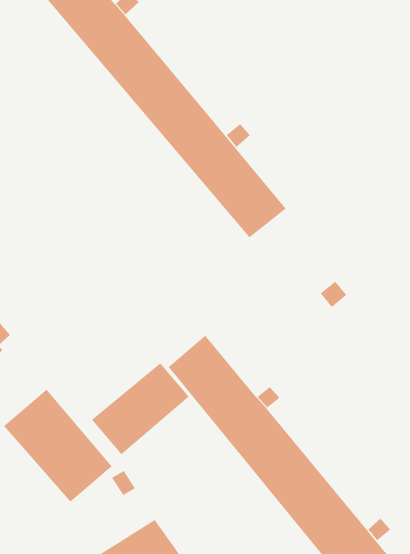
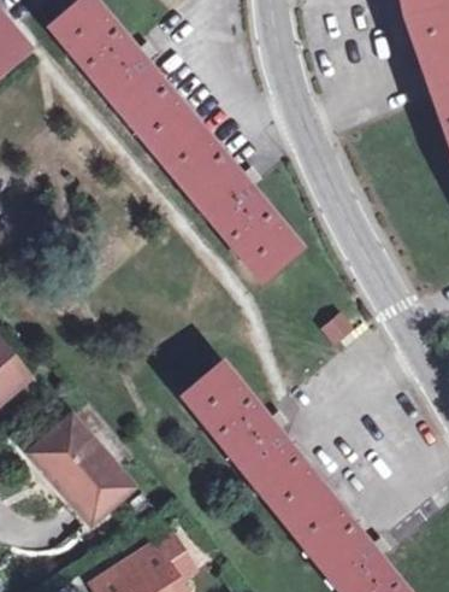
building: [91,363,190,455] -> none

